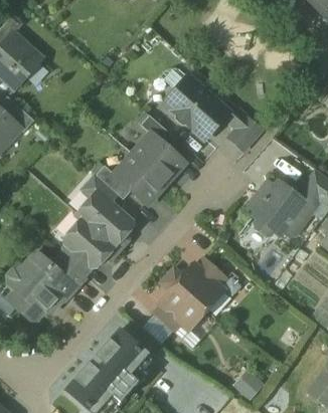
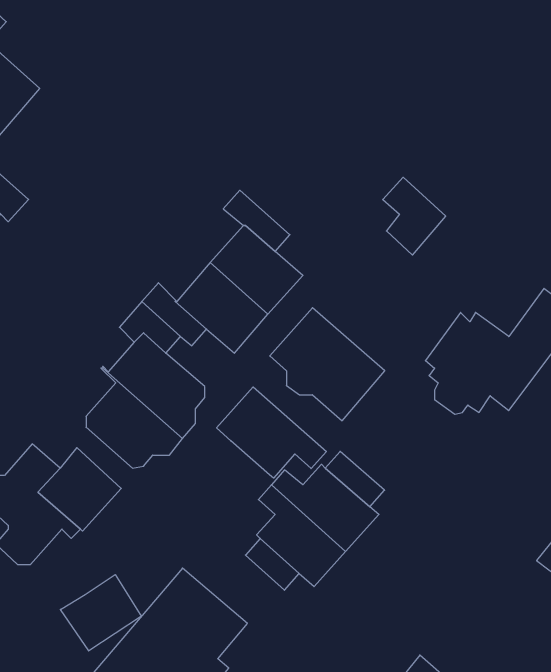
building: [165,78,227,140] -> [270,308,385,421]
building: none -> [217,387,326,478]
building: none -> [60,575,142,651]

